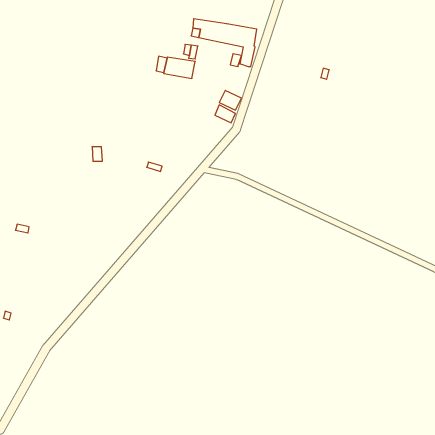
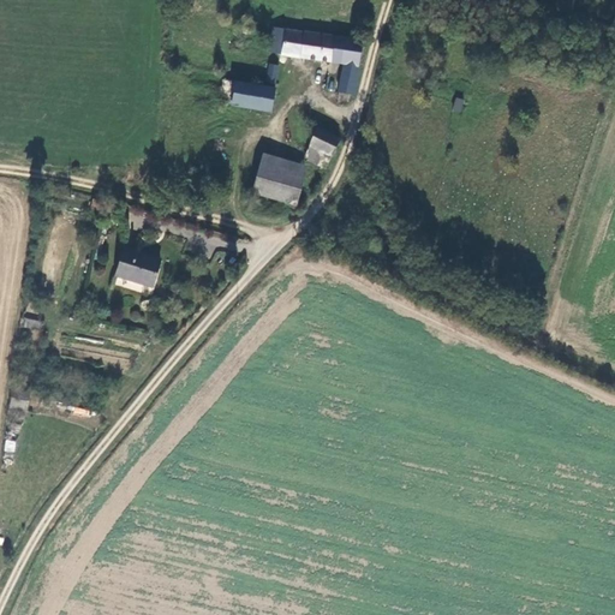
building: none -> [252,163,303,205]
building: none -> [117,246,161,288]

